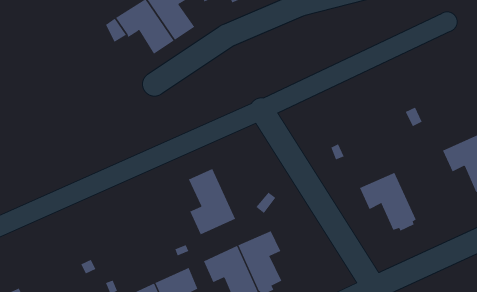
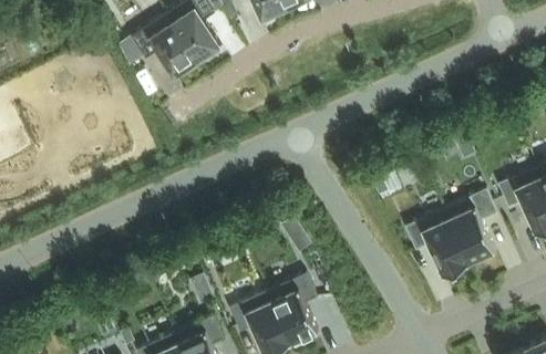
building: none -> [445,189,498,262]
building: [188,168,236,235] -> none

